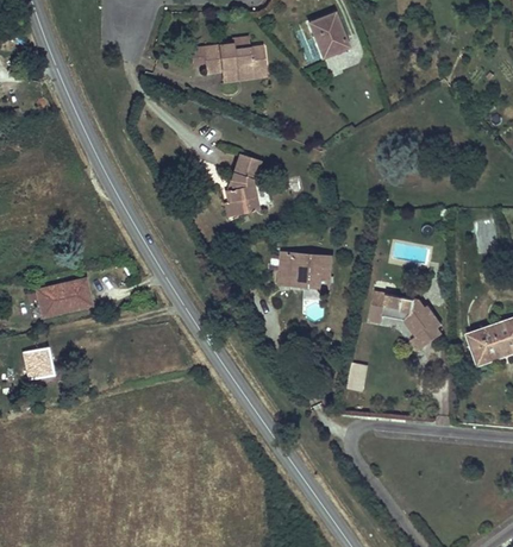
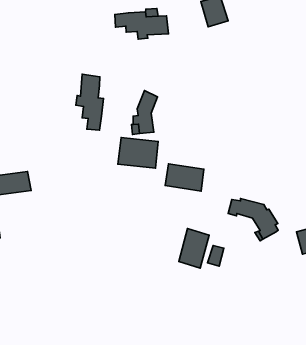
building: none -> [76,74,103,130]
building: none -> [118,138,158,168]
building: none -> [179,229,209,268]

